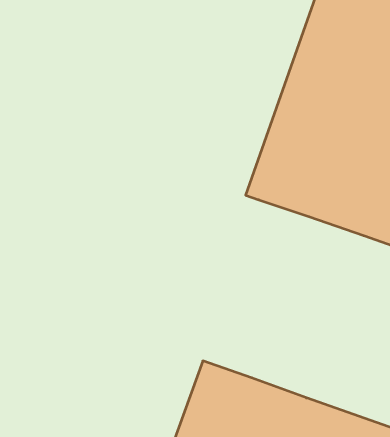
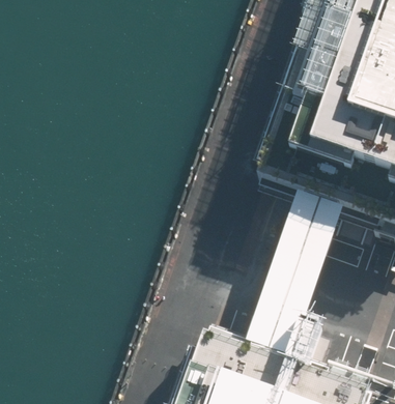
building: none -> [250,201,347,358]

